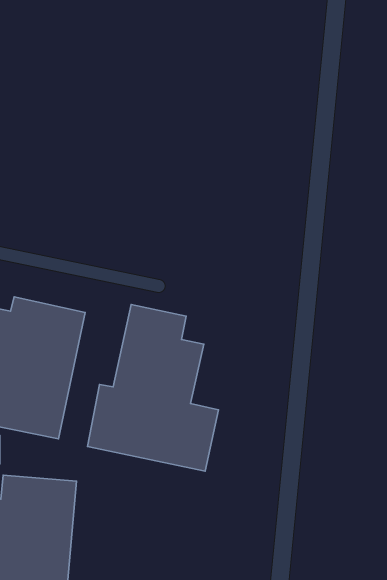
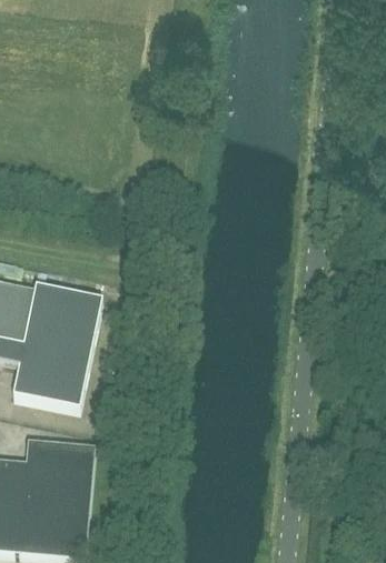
building: [87,304,218,471] -> none

